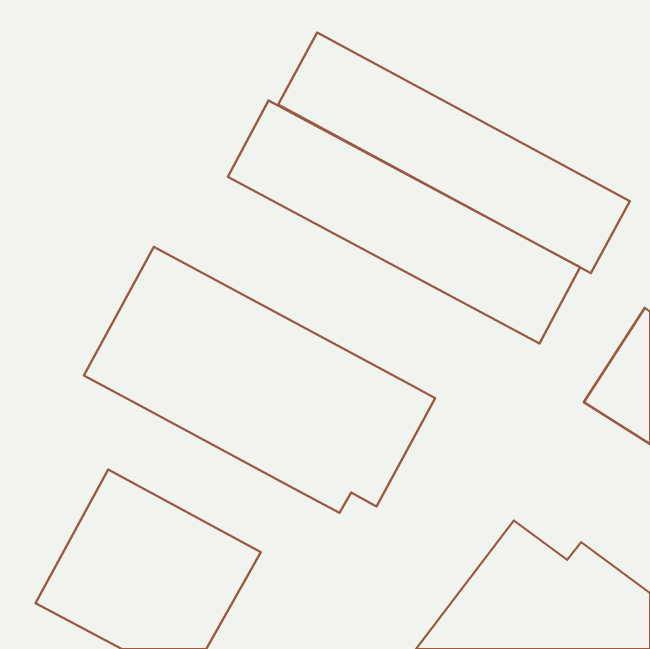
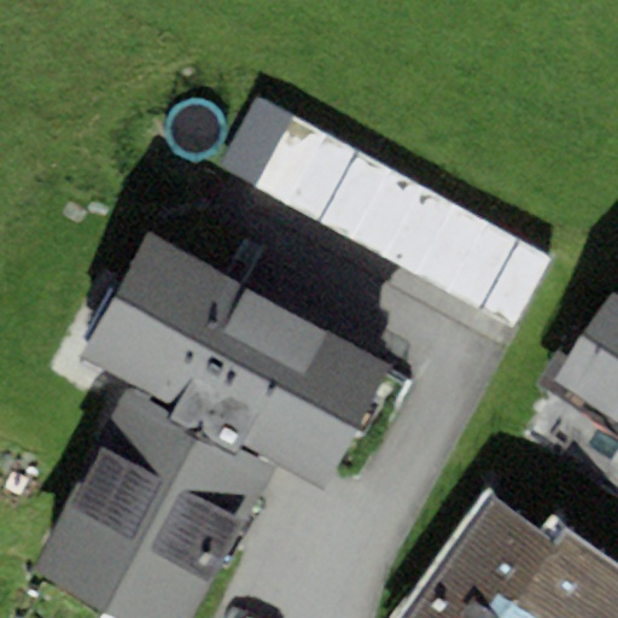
building: [278,32,630,273] -> none
building: none -> [97,383,279,524]

